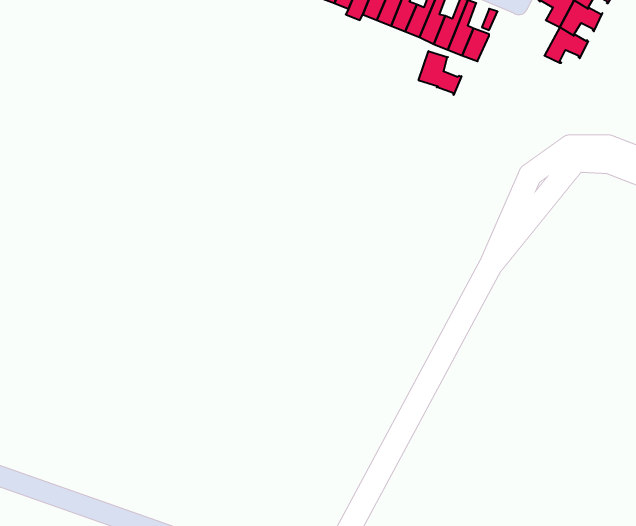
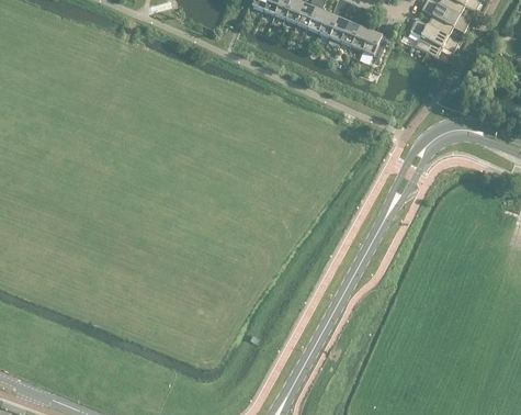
building: none -> [409,16,437,51]
building: [419,51,461,95] -> none

